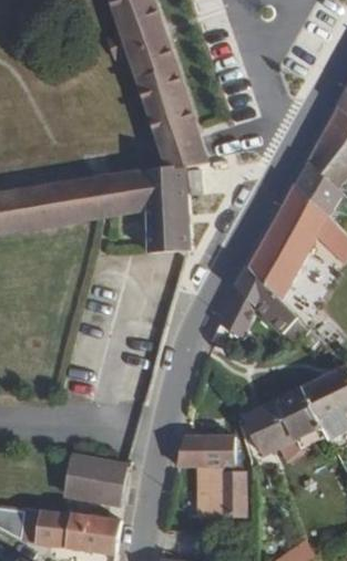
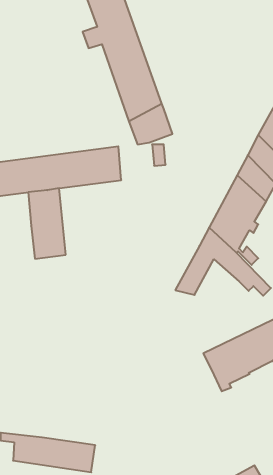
building: [146,172,190,252] -> [28,188,66,259]
building: [181,427,244,513] -> none
building: [62,451,123,500] -> none

